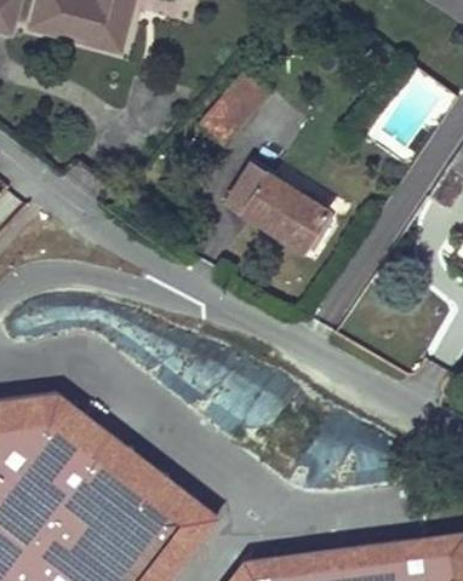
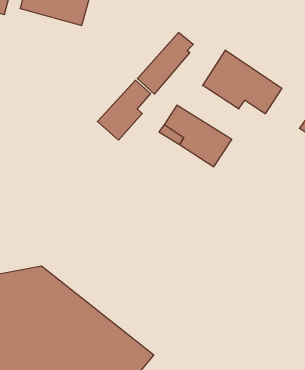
building: none -> [203,50,282,114]
building: none -> [97,80,151,140]

